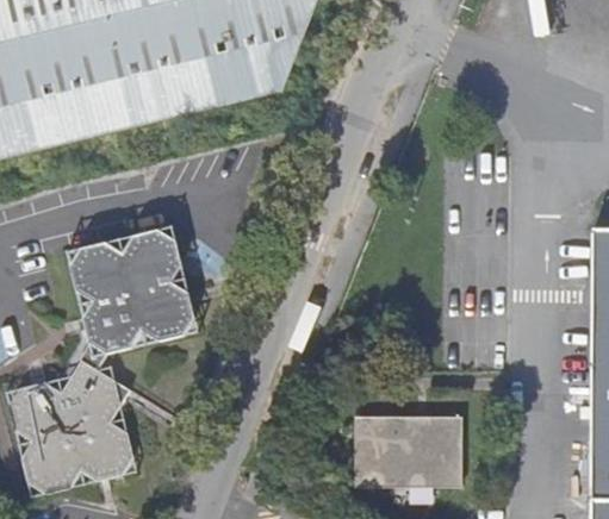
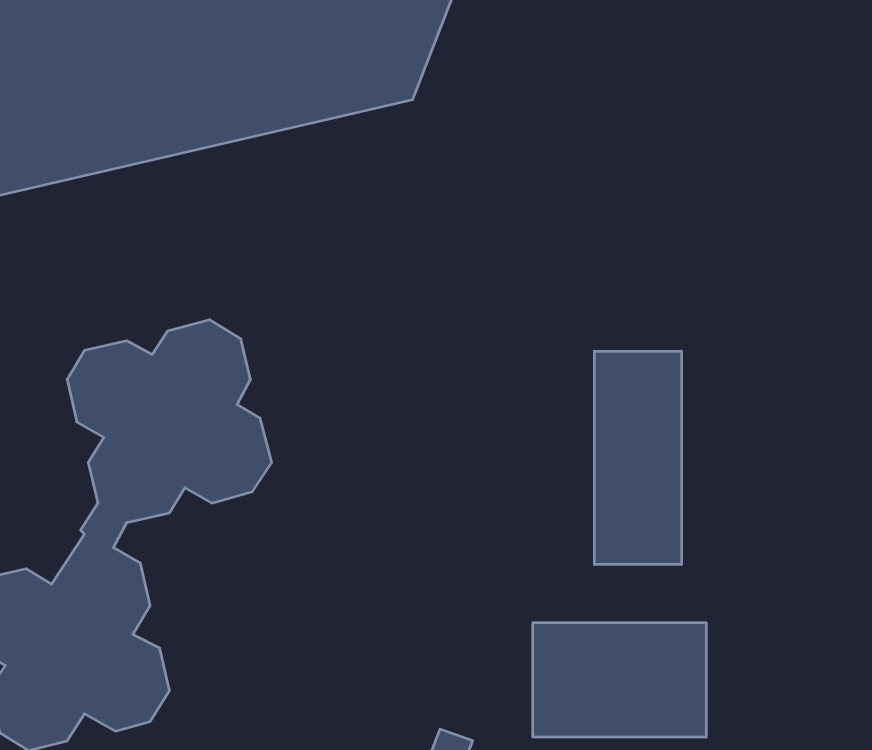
building: none -> [594,351,681,565]

